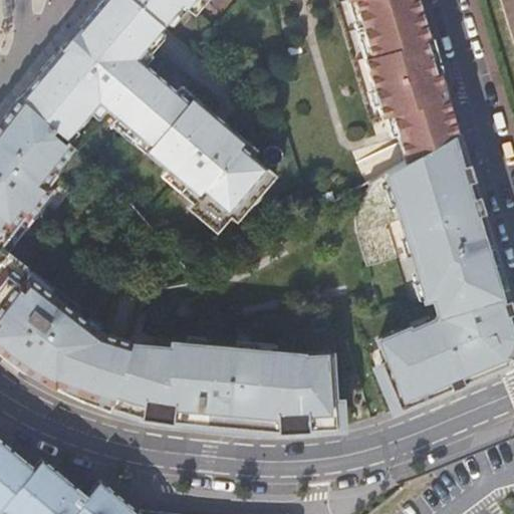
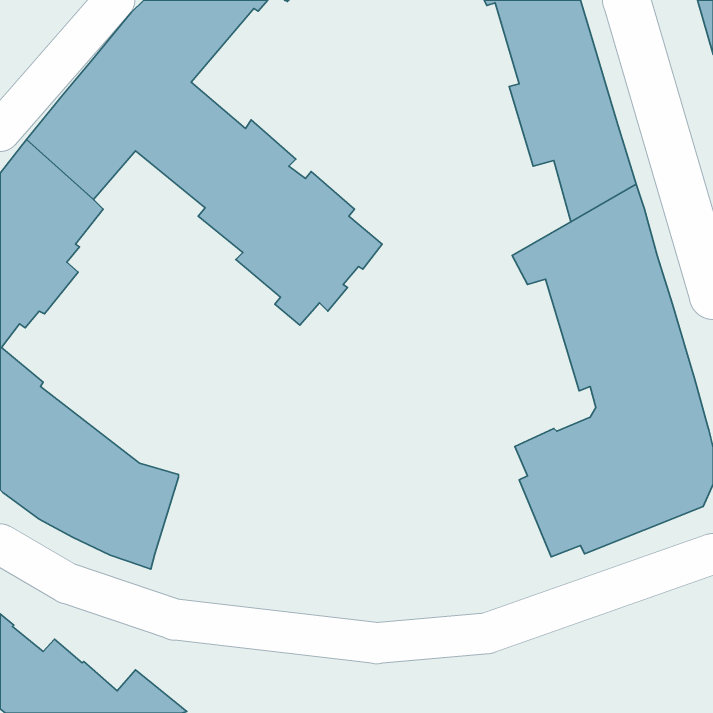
building: [111,341,334,432] -> none

